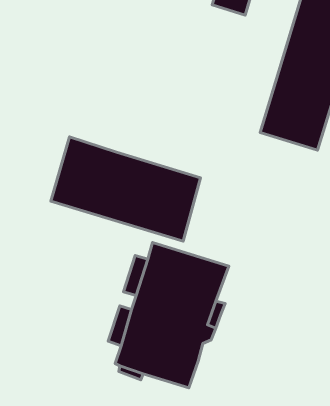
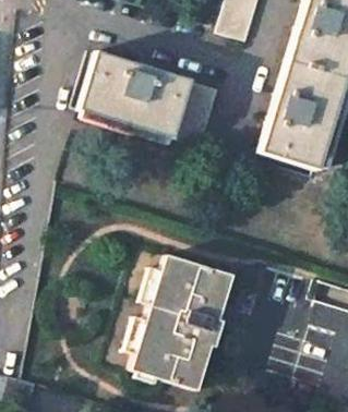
building: [51,137,201,241] -> [77,53,217,150]

